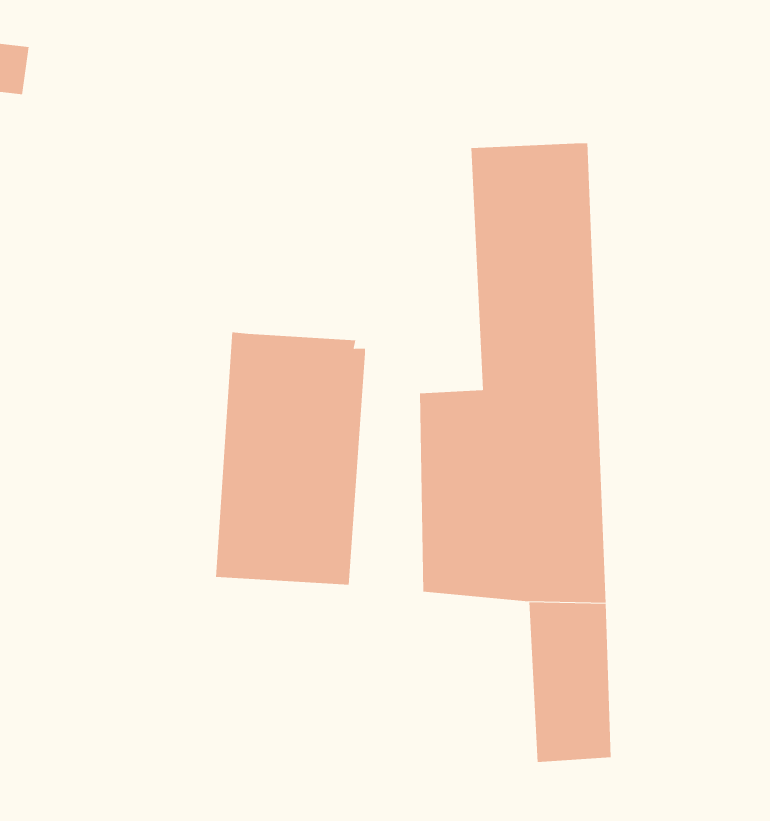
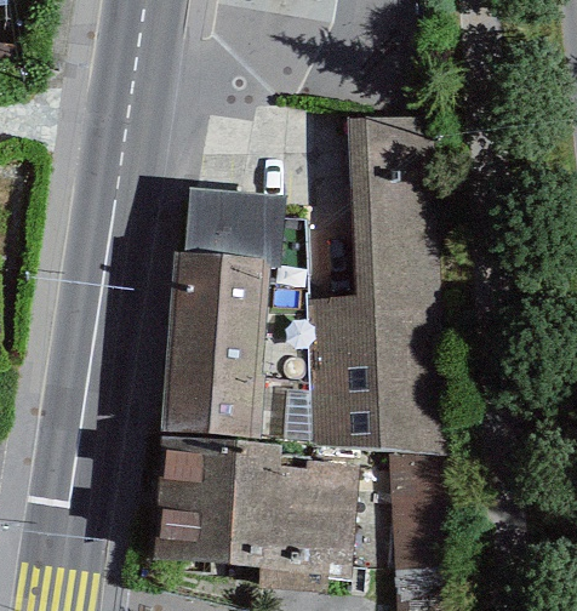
building: none -> [183,184,284,267]
building: none -> [149,436,358,575]

